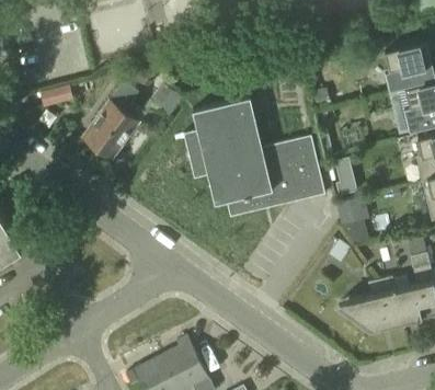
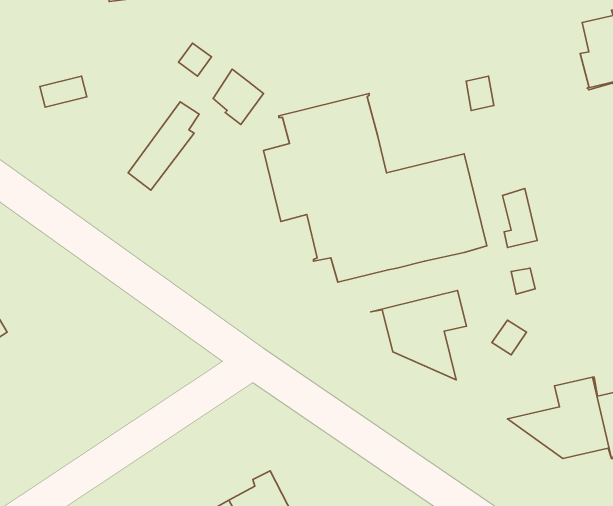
building: [82,81,138,148] -> none
building: none -> [371,290,467,380]

